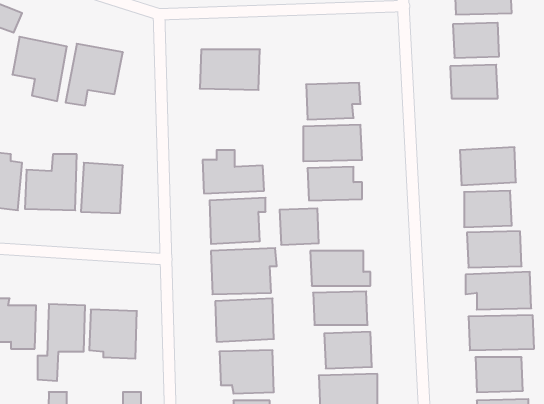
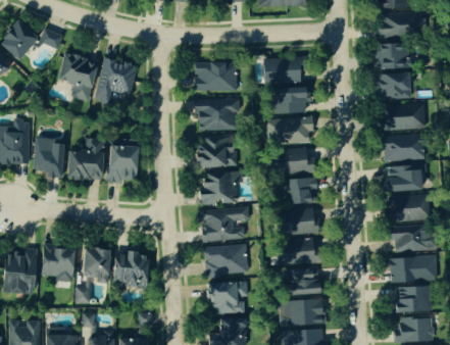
building: none -> [262,57,306,85]
building: none -> [198,98,240,131]
building: none -> [379,104,427,131]
building: [280,208,319,245] -> [288,178,316,204]

